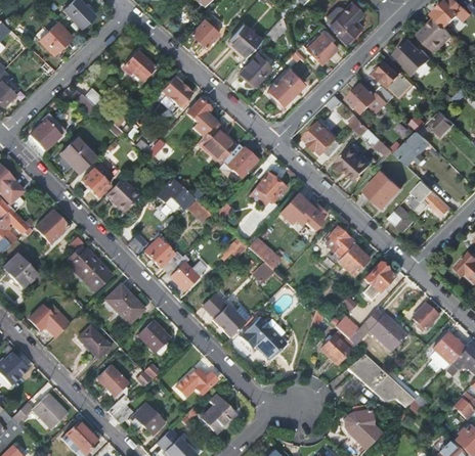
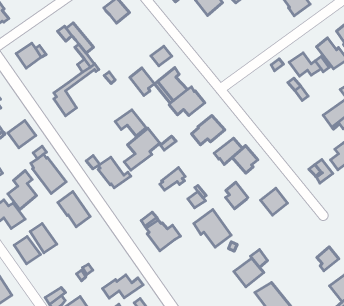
building: [306,33,335,62] -> none
building: [241,54,269,85] -> none
building: [267,69,303,104] -> none
building: [162,78,191,109] -> [130,68,155,96]
building: [306,123,342,156] -> none
building: [63,139,97,173] -> none
building: [337,148,371,180] -> none
building: [366,171,402,208] -> none
building: [106,177,142,213] -> none
building: [329,227,355,258] -> [226,182,248,209]
building: [168,256,200,289] -> none
building: [363,263,395,301] -> none
building: none -> [8,171,36,209]
building: [363,308,407,352] -> none
building: [241,317,286,360] -> [194,209,231,247]
building: [138,320,170,352] -> none
building: [97,365,129,397] -> [14,236,40,264]

